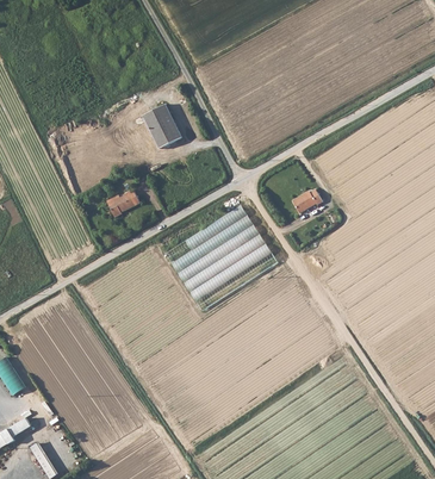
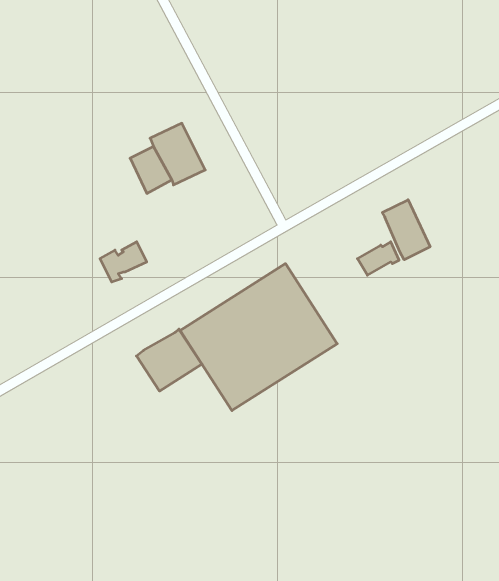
building: none -> [382,200,430,260]
building: none -> [136,329,202,391]

